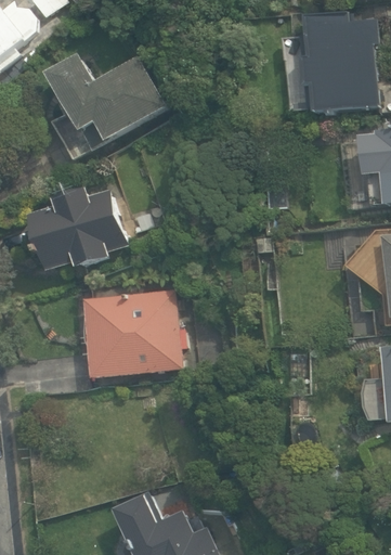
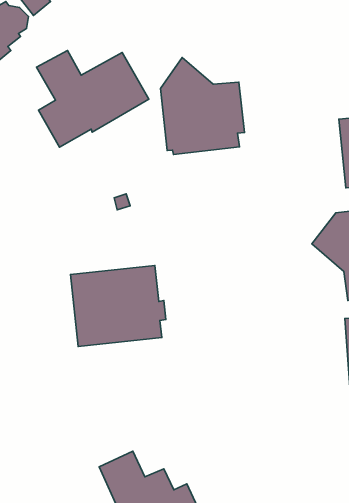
building: [300,11,379,114] -> none
building: none -> [161,57,245,154]
building: [28,188,127,270] -> none

